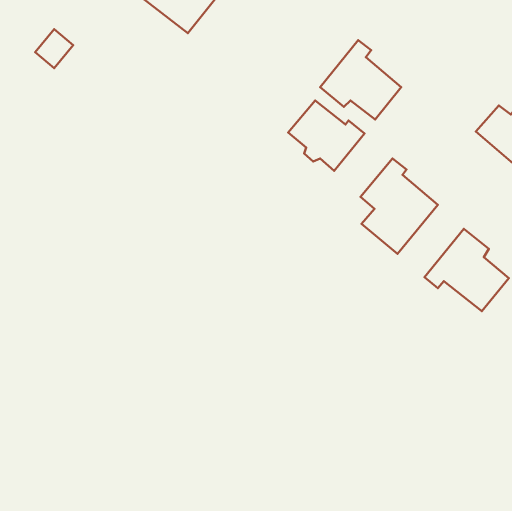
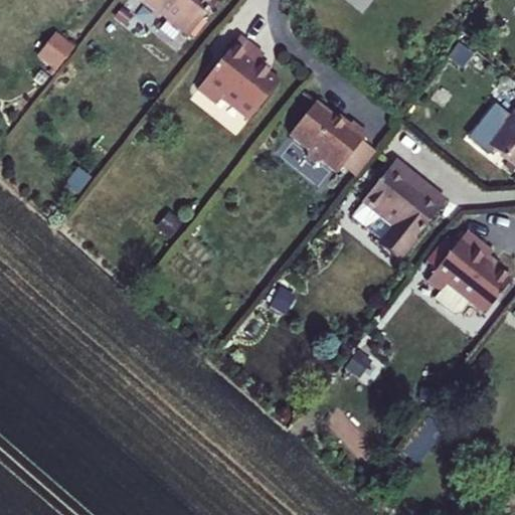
building: none -> [198,37,279,118]
building: [320,40,401,120] -> none

